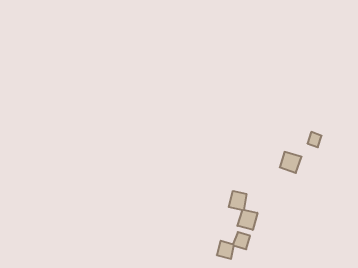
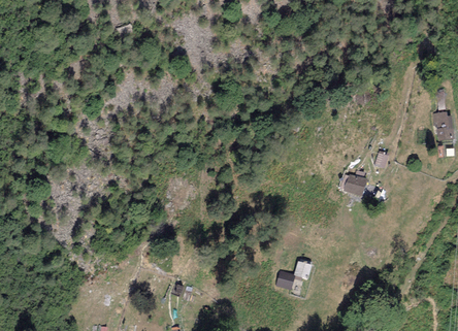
building: [229,191,257,230] -> none

